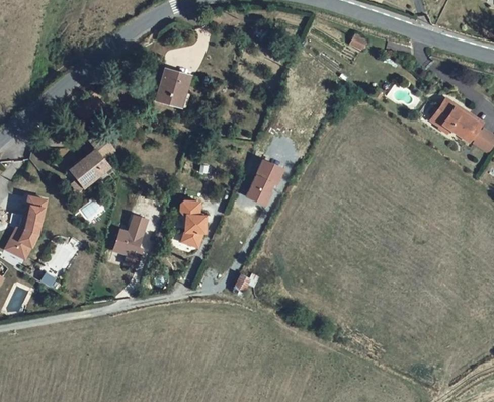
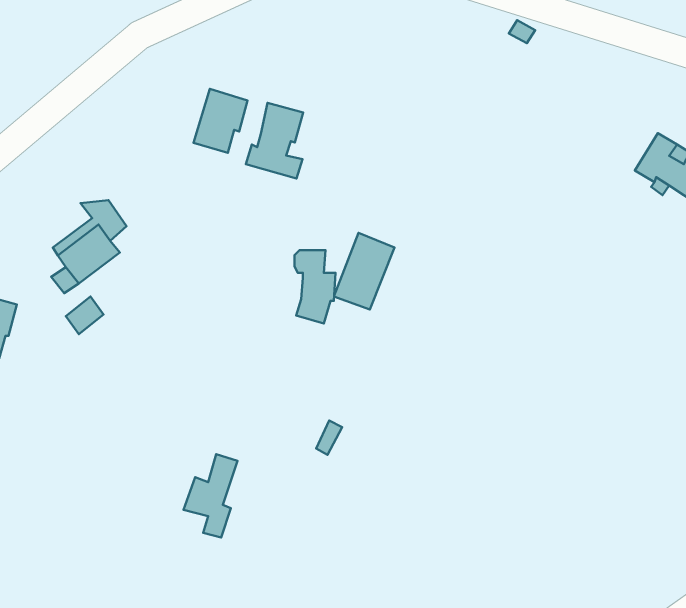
building: none -> [246,103,303,179]
building: [181,200,207,246] -> [295,250,335,324]
building: [113,215,147,266] -> [184,454,238,538]

